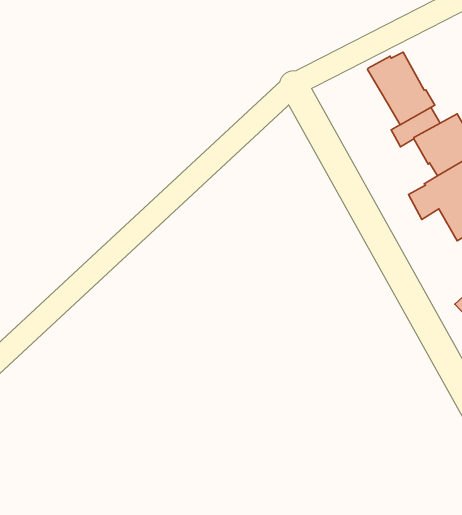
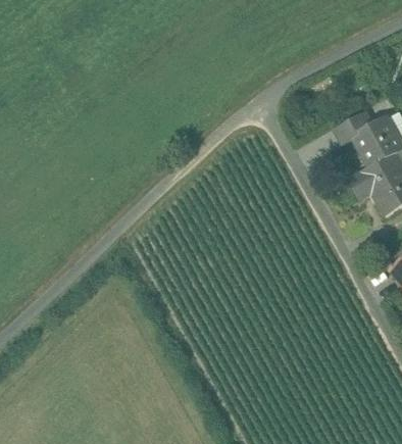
building: [368,52,435,125] -> none

